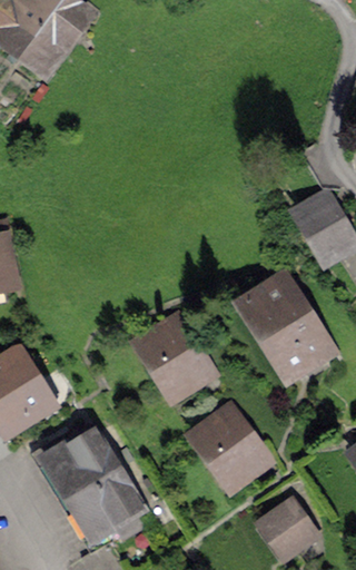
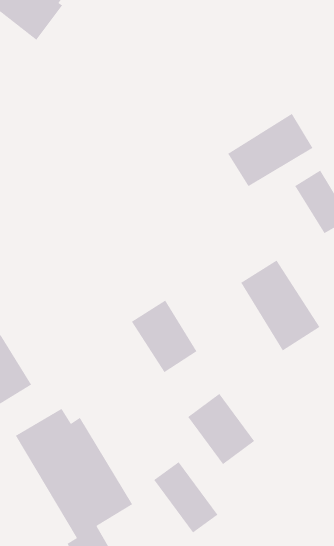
building: none -> [227,113,314,187]
building: none -> [153,461,218,534]
building: [265,502,315,553] -> none

